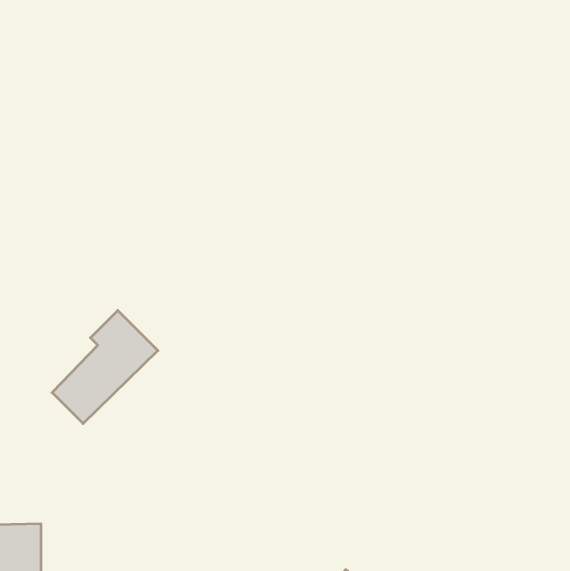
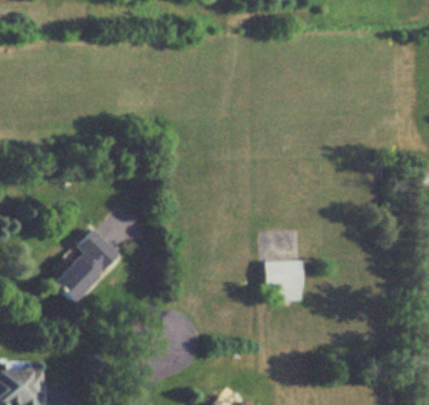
building: none -> [267,261,304,300]

